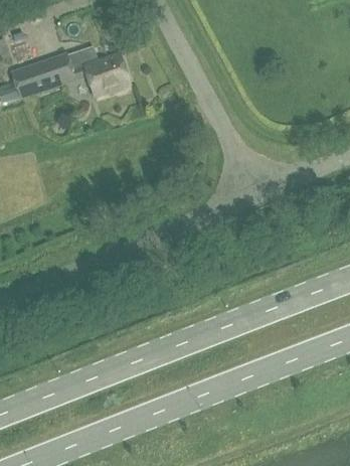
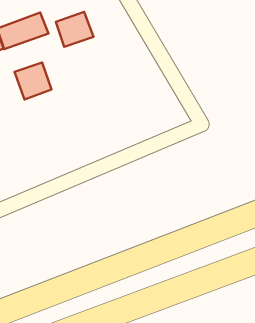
building: none -> [14,63,51,100]

